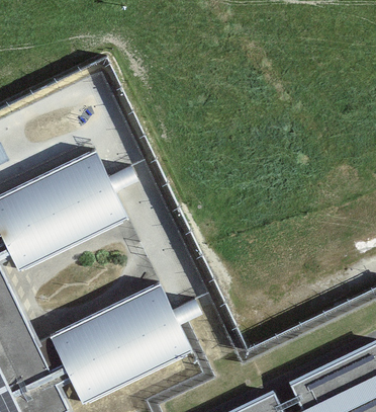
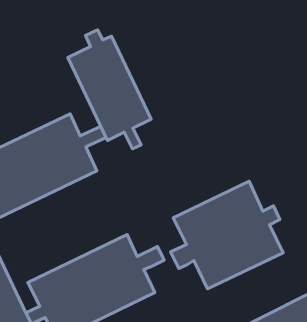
building: none -> [68,30,151,149]
building: none -> [171,181,283,289]

